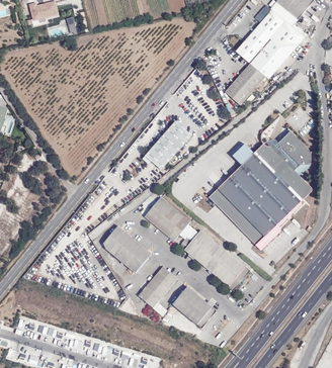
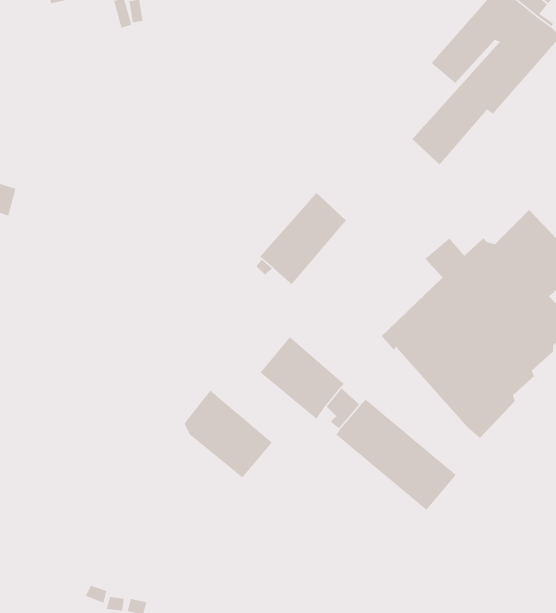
building: [138,266,177,315] -> none
building: [172,286,217,328] -> none

